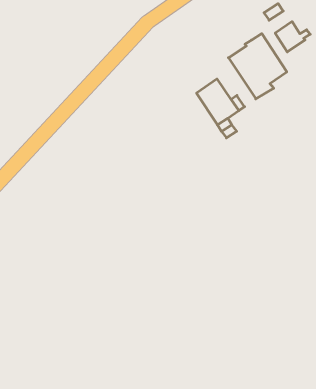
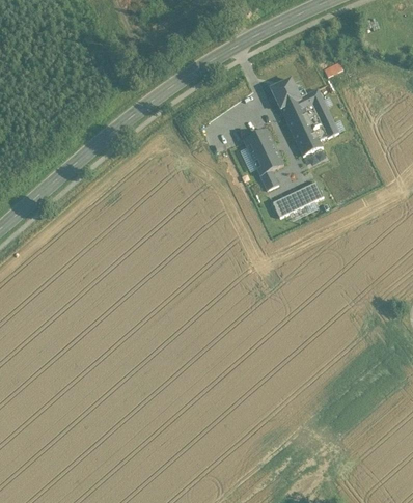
building: [275,22,310,52] -> [272,79,307,109]
building: none -> [273,183,324,217]

